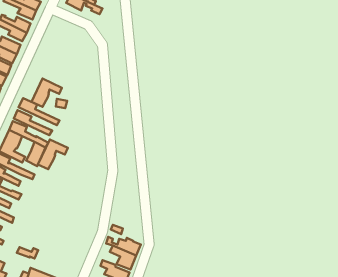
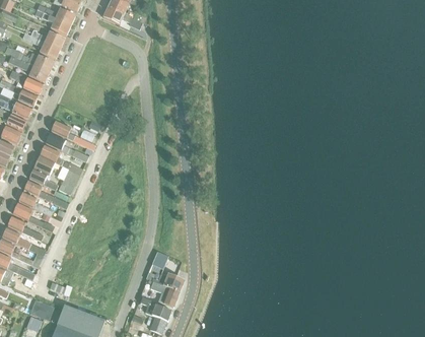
building: [32,79,62,107] -> none
building: [38,139,68,169] -> none

